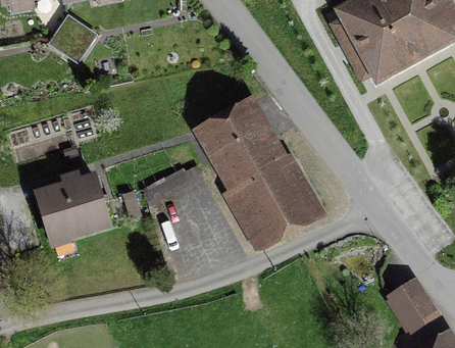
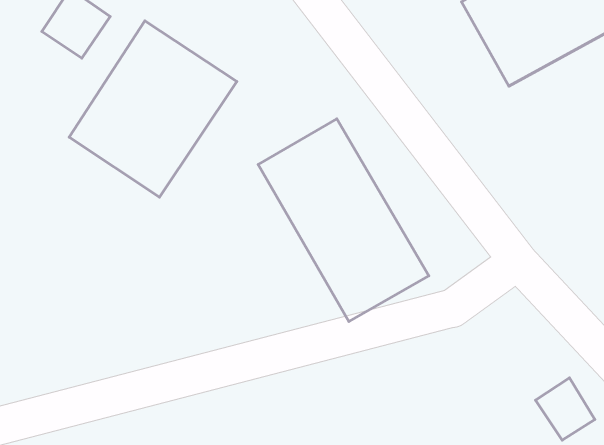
building: none -> [69,21,237,197]
building: [41,179,108,239] -> none

